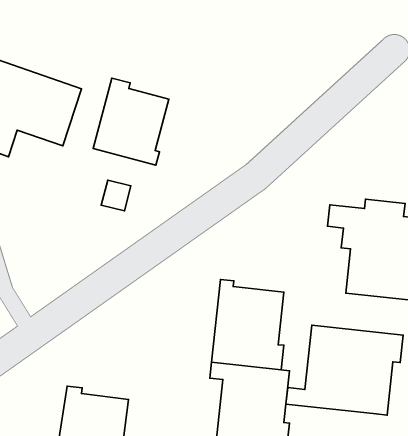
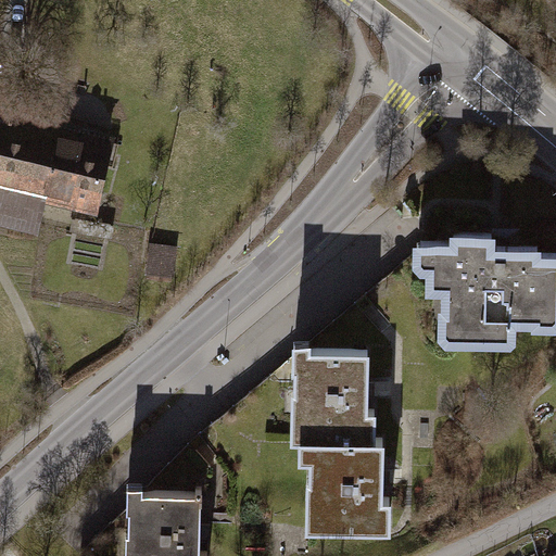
building: [93,78,169,165] -> none
building: [286,325,403,415] -> none

